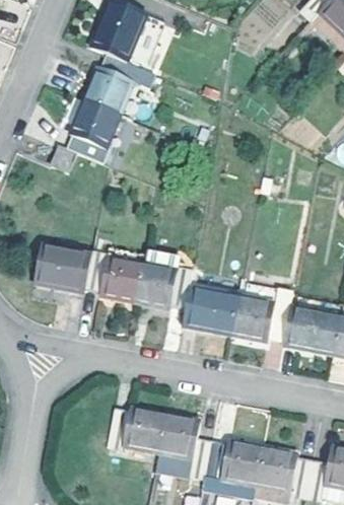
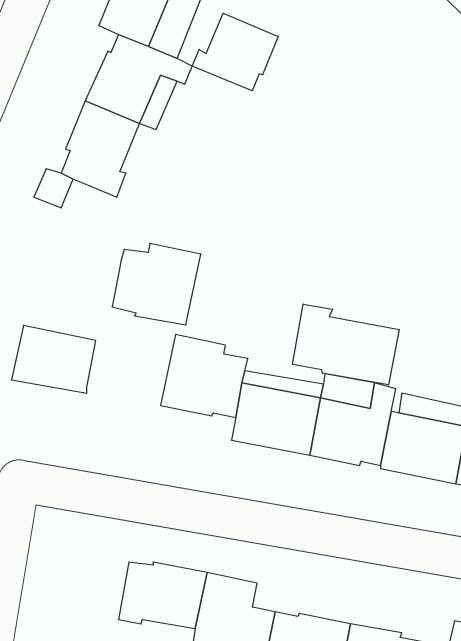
building: none -> [192,13,278,91]
building: none -> [293,304,399,385]
building: [85,246,145,301] -> [112,243,201,325]

